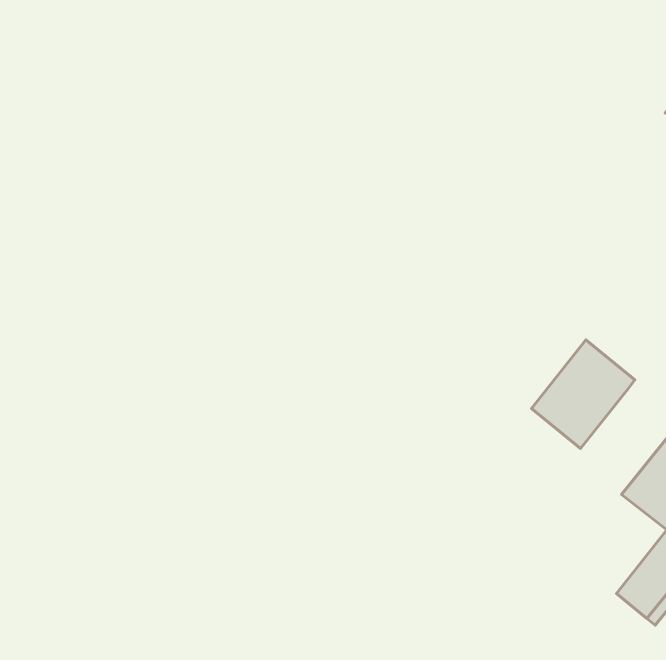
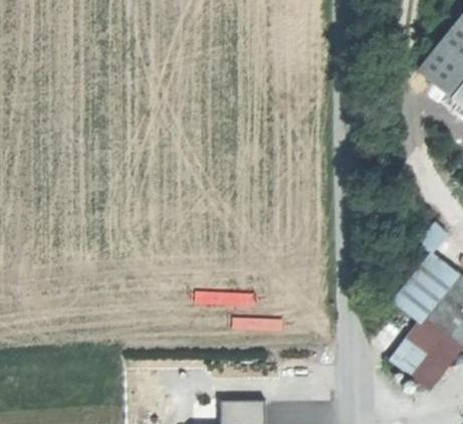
building: [531,340,635,448] -> none

